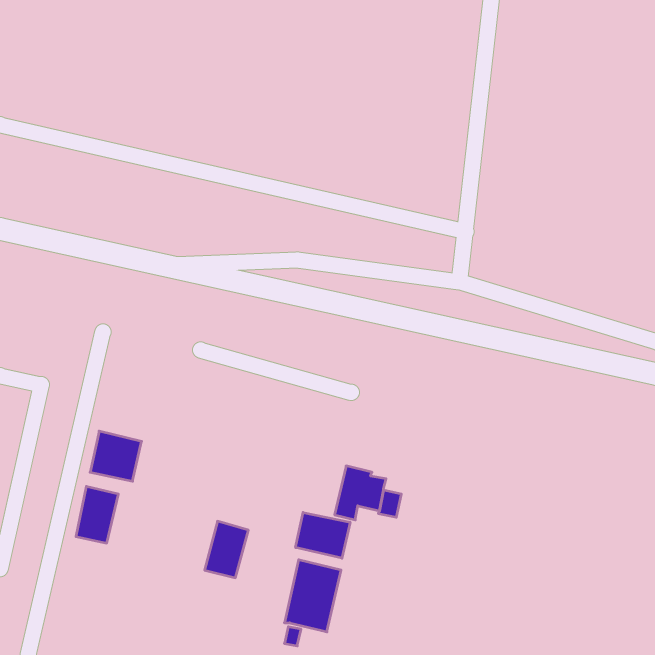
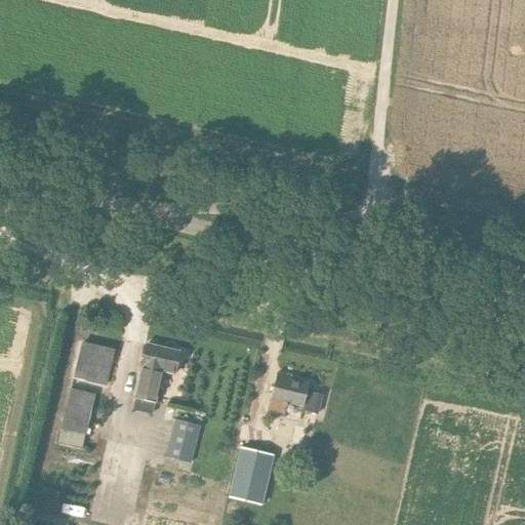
building: none -> [135,345,179,403]
building: [296,512,350,558] -> none

